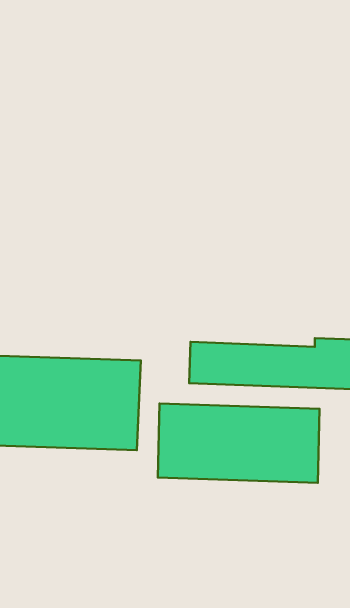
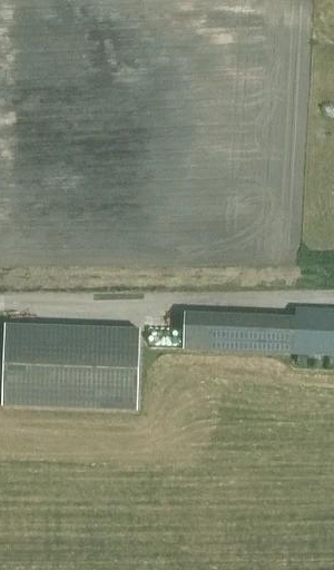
building: [158,404,320,483] -> none

